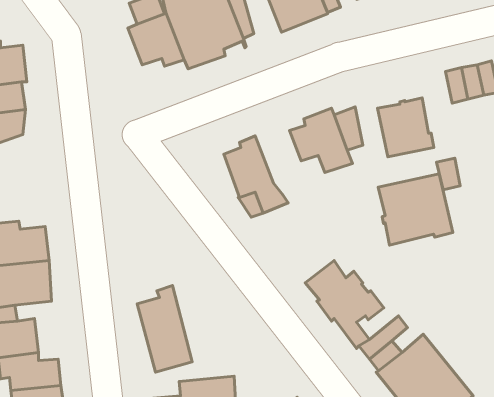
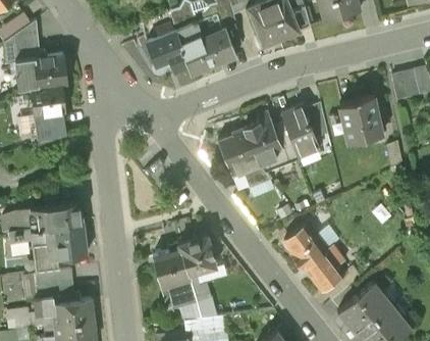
building: none -> [244,117,299,173]
building: [378,174,453,245] -> none
building: none -> [179,236,215,302]

